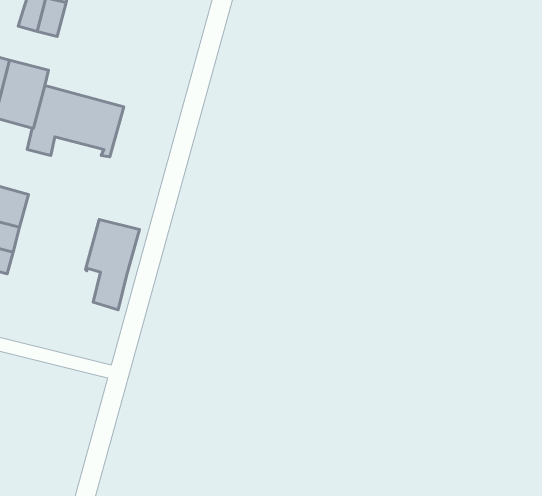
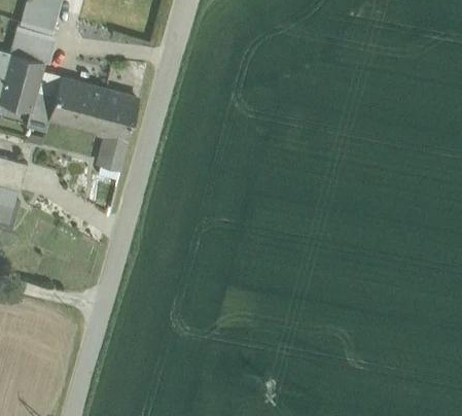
building: none -> [10,25,49,61]
building: [86,219,140,310] -> [93,91,137,165]

